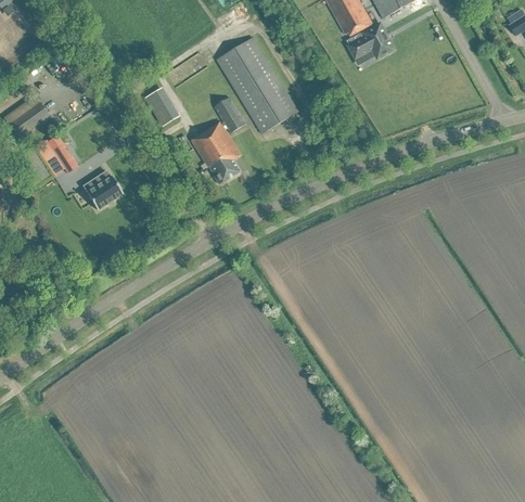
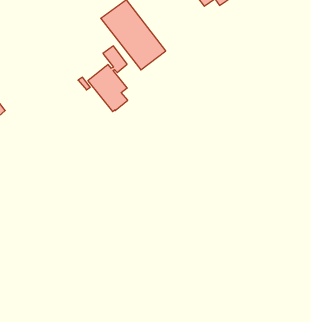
building: [142,83,178,125] -> none
building: [80,169,121,209] -> none

